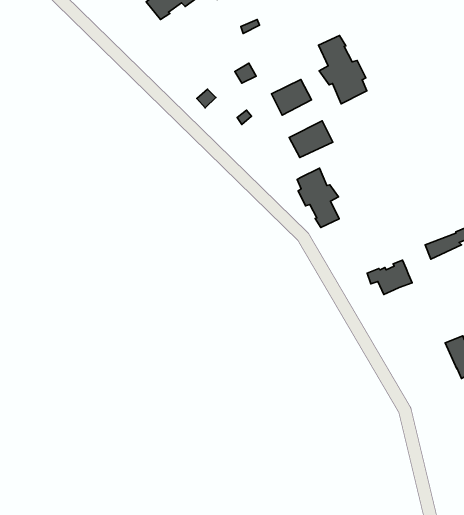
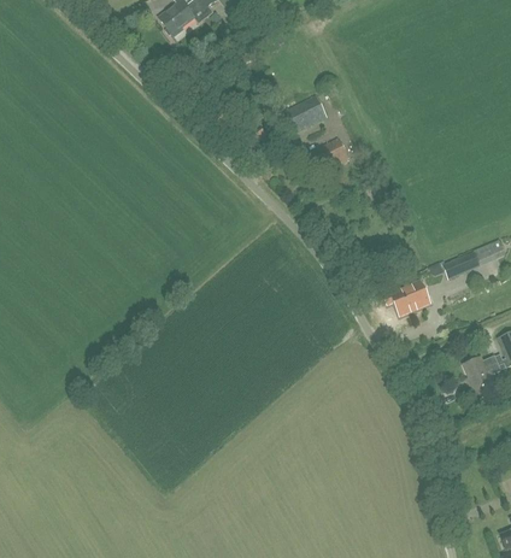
building: [318,35,367,104] -> none
building: [297,168,339,227] -> none

